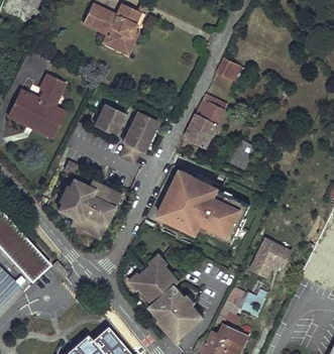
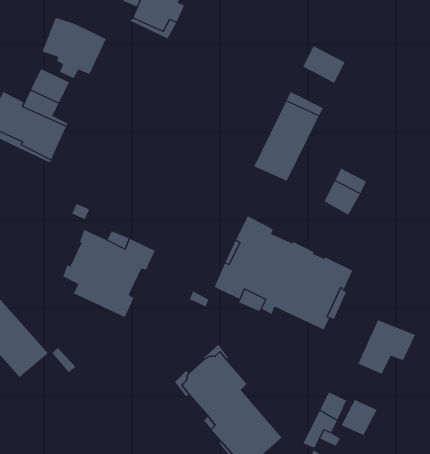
building: none -> [42,17,107,79]
building: [94,105,124,134] -> none
building: [119,112,156,162] -> none

